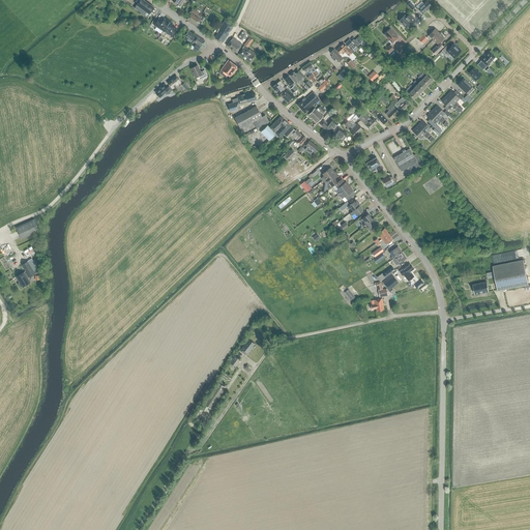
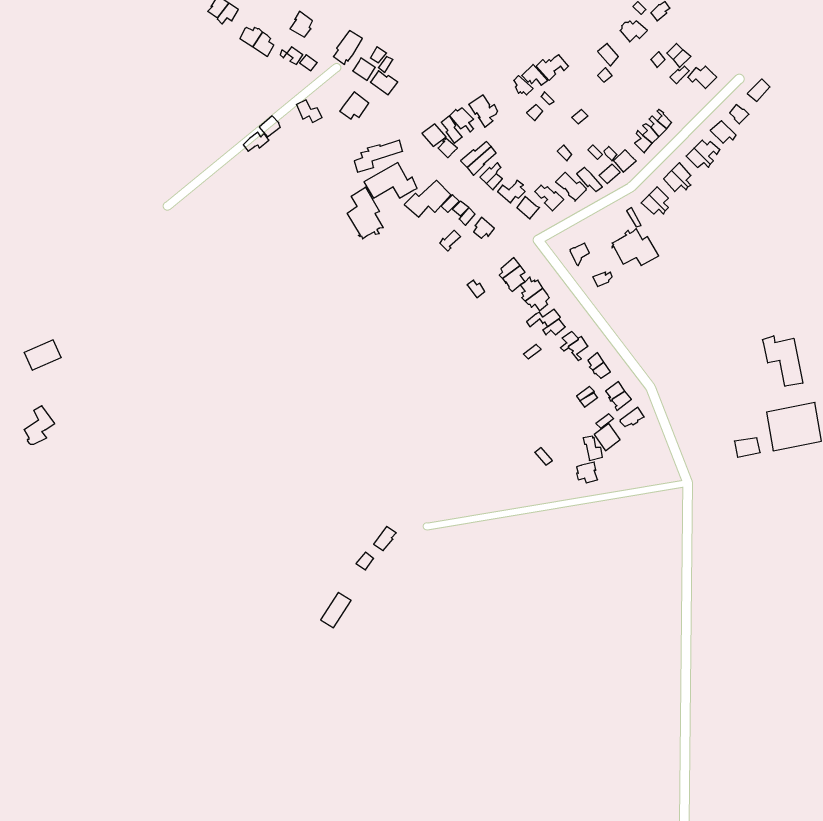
building: none -> [347,187,383,239]
building: none -> [763,336,803,386]

